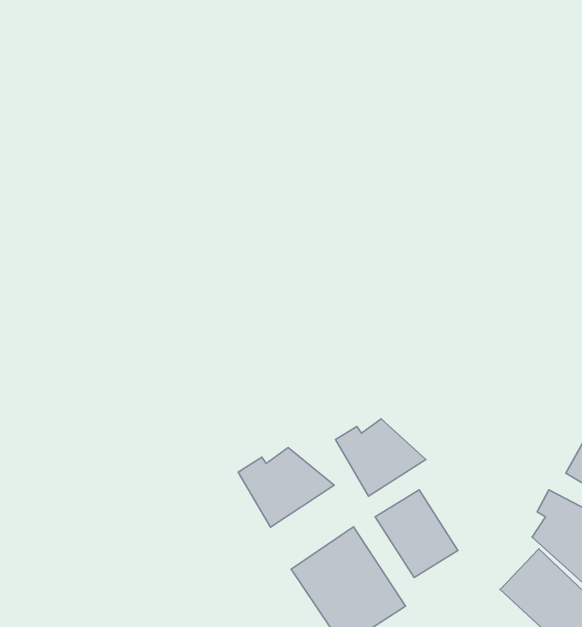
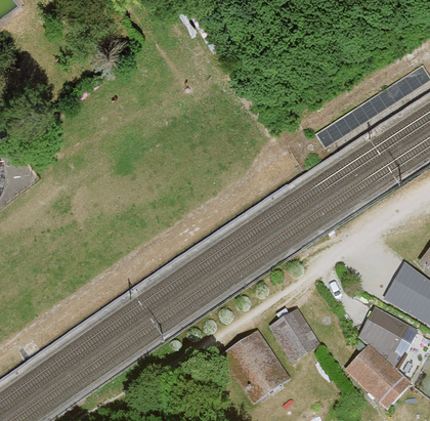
building: [336,419,426,496] -> none
building: [238,447,334,527] -> none

